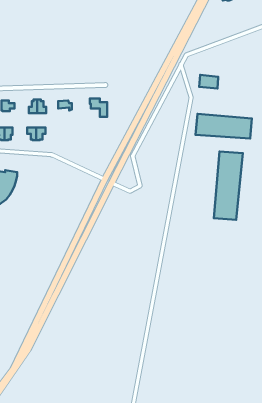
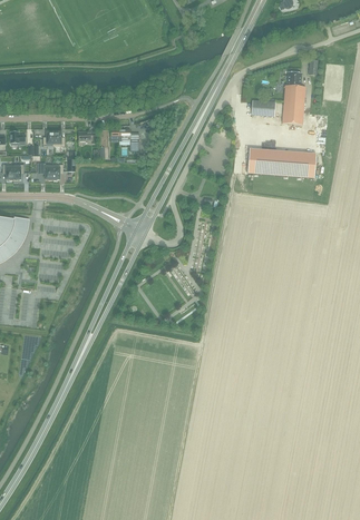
building: none -> [282,71,304,124]
building: [214,151,243,220] -> none

